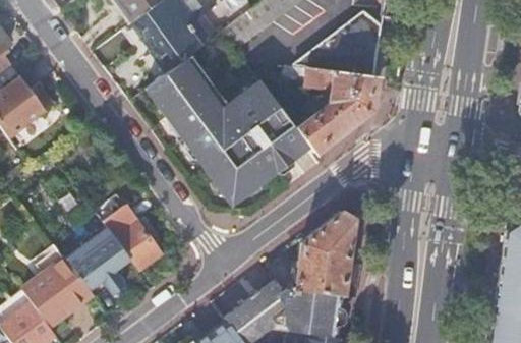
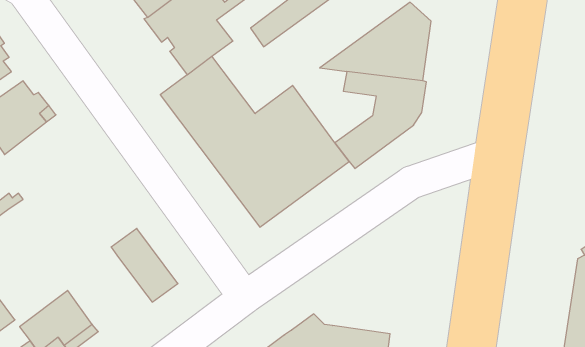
building: [295,214,355,296] -> none
building: [68,228,129,288] -> none

